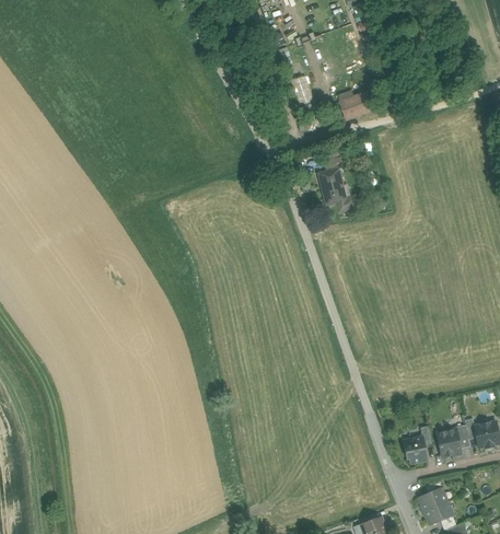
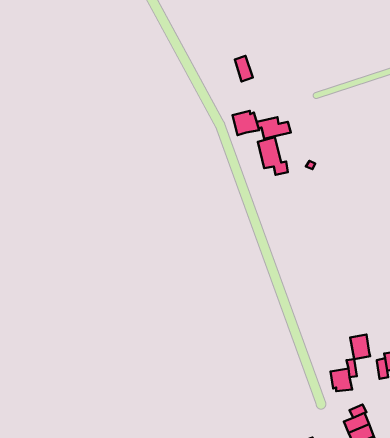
building: [338,93,369,120] -> none
building: none -> [232,111,259,135]
building: [437,428,460,456] -> [350,335,370,359]

